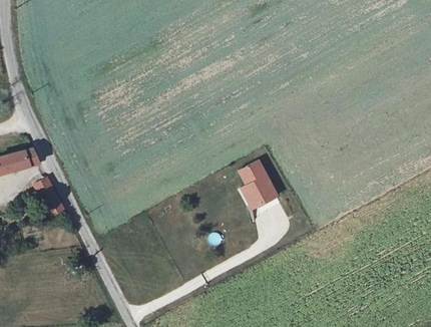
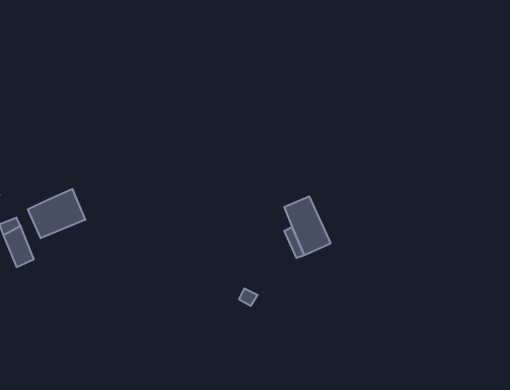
building: none -> [28,189,85,238]

